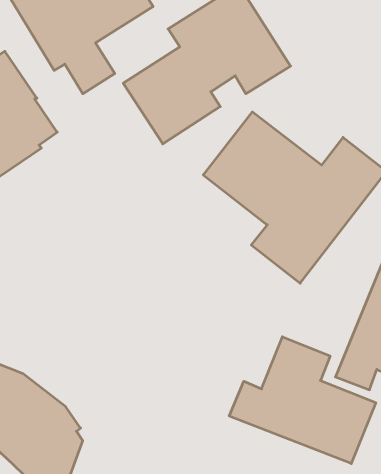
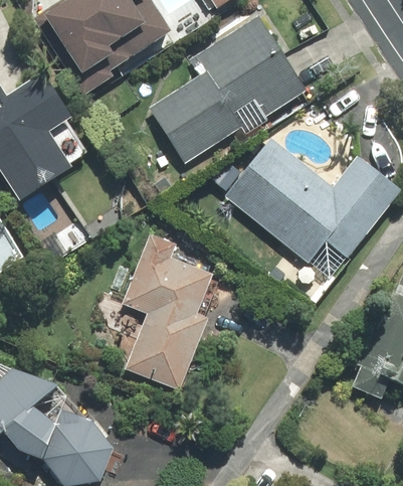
building: none -> [121,233,210,388]
building: [229,337,376,464] -> none

